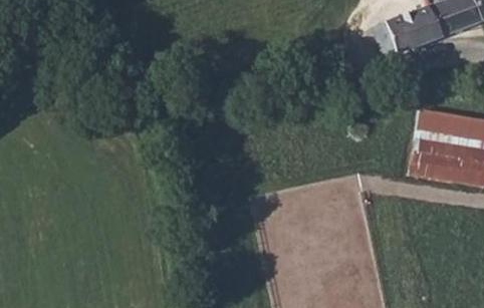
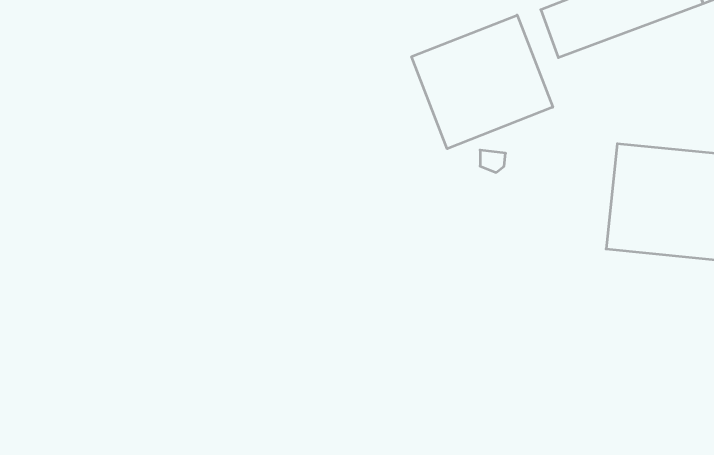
building: none -> [412,15,553,149]

